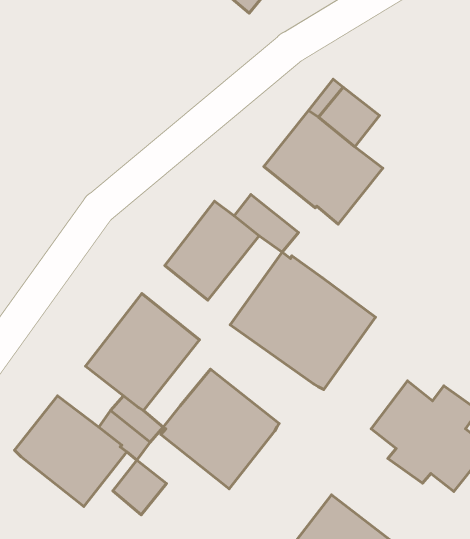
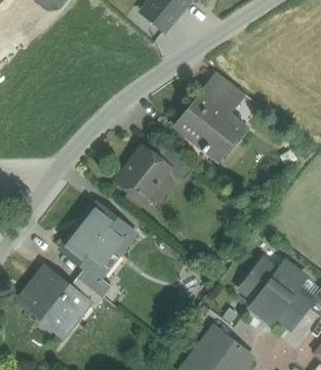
building: [230,252,376,390] -> none
building: [161,369,279,489] -> none
building: [113,460,167,515] -> none

